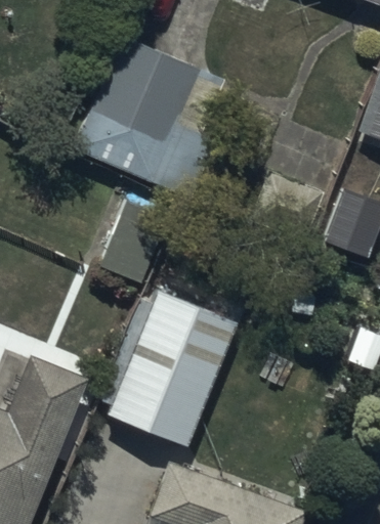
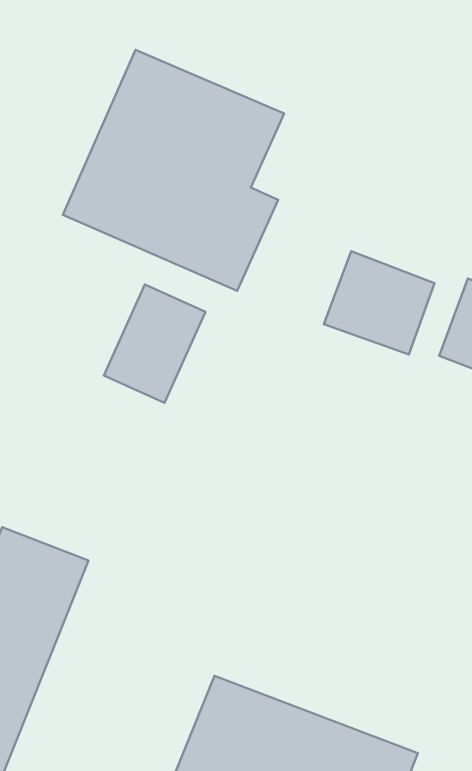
building: [103,290,238,447] -> none

